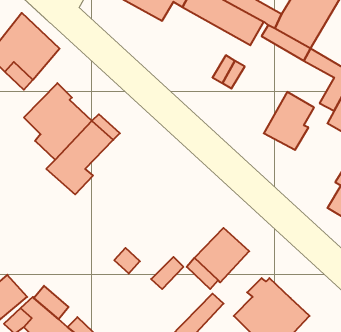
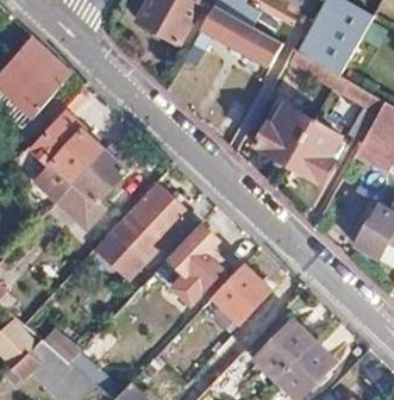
building: none -> [254,104,312,164]
building: none -> [93,186,187,280]
building: none -> [169,224,227,287]

